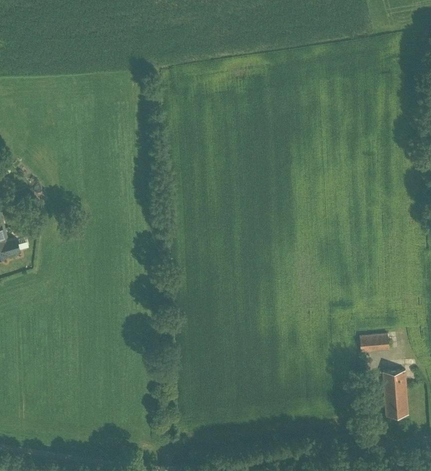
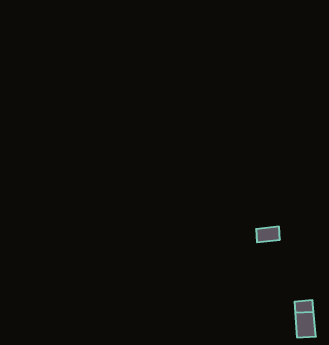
building: [359,334,388,353] -> [256,227,280,242]

